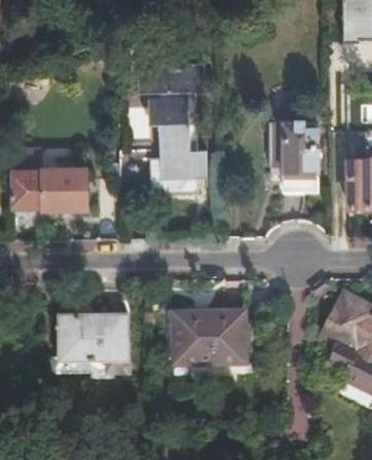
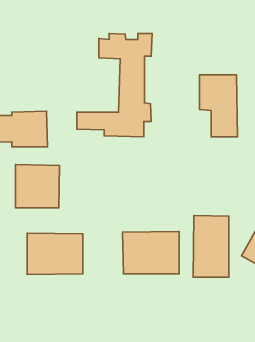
building: none -> [16,165,60,208]
building: none -> [193,215,229,277]

